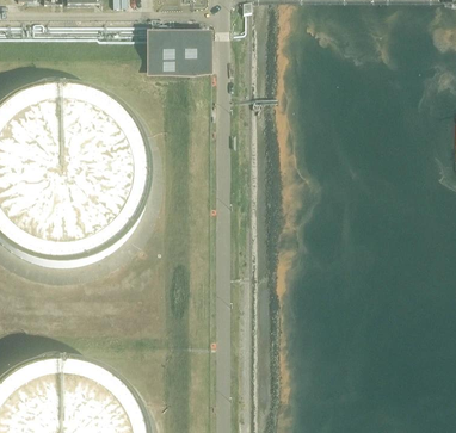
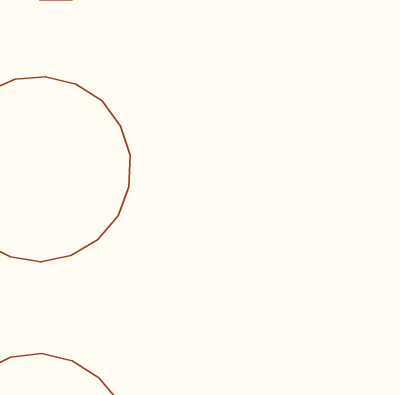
building: [138,32,203,75] -> none

